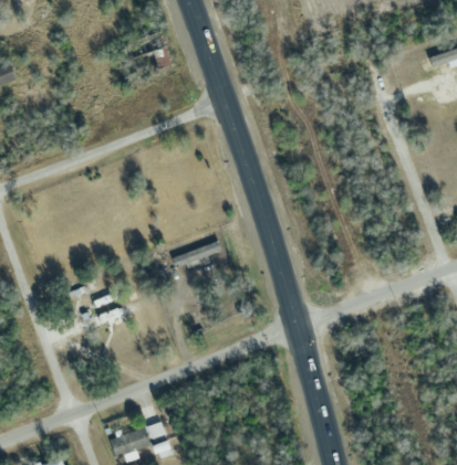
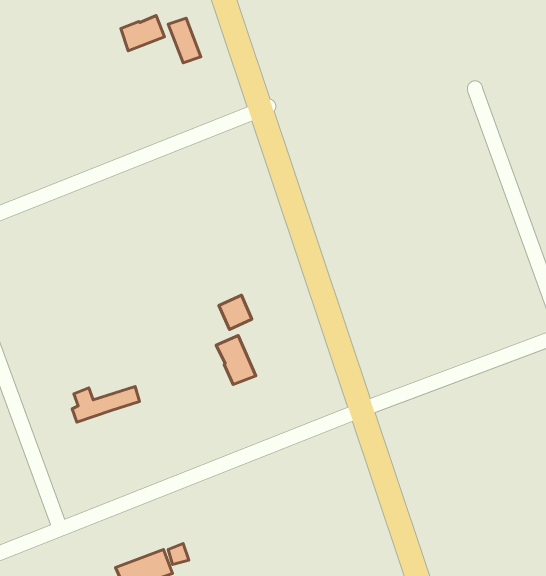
building: none -> [121,15,165,51]
building: none -> [216,335,256,385]

